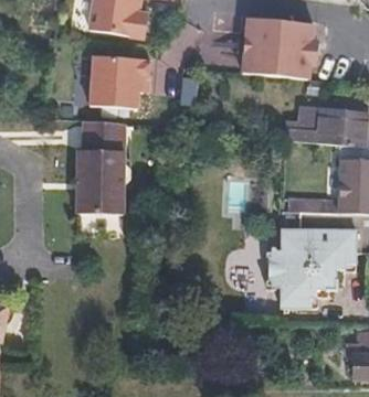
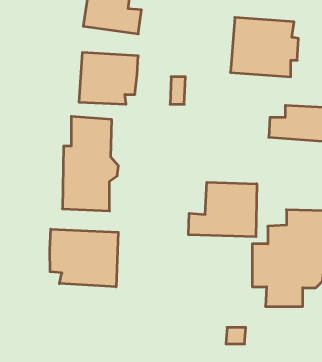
building: none -> [188,182,257,237]
building: none -> [50,229,118,287]

